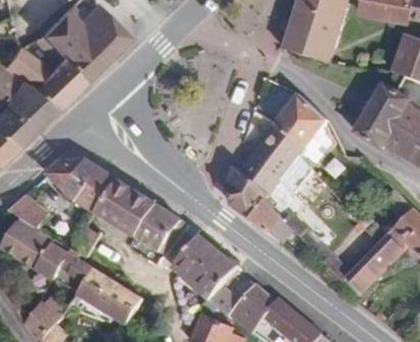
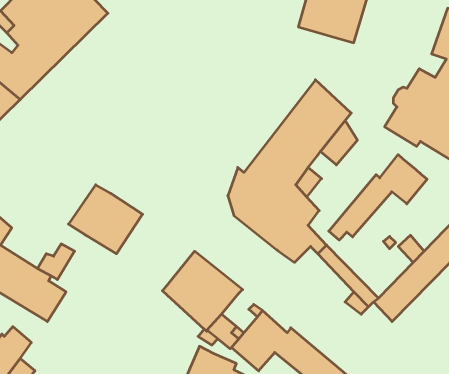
building: none -> [329,155,427,240]
building: [47,158,117,211] -> none
building: [134,203,187,254] -> none
building: [67,267,142,323] -> none

